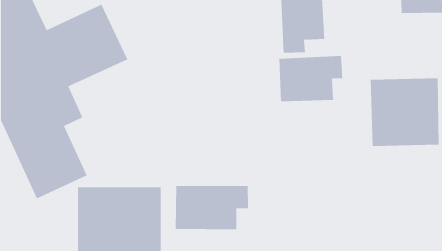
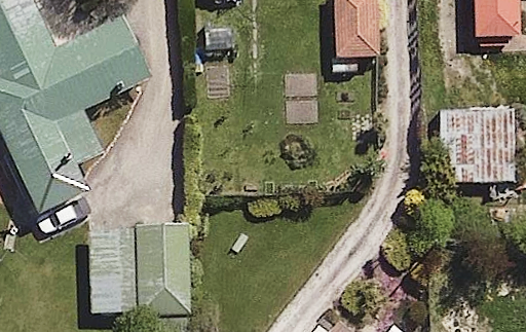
building: [279,55,343,102] -> none
building: [175,185,248,230] -> none

